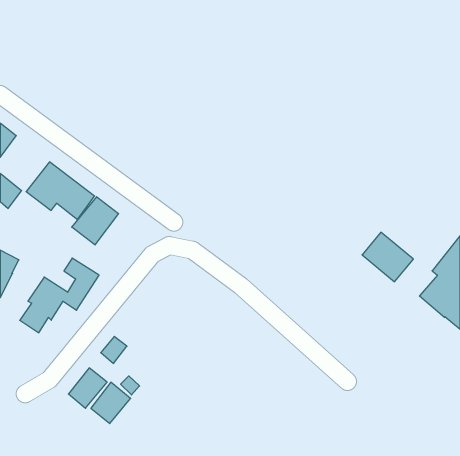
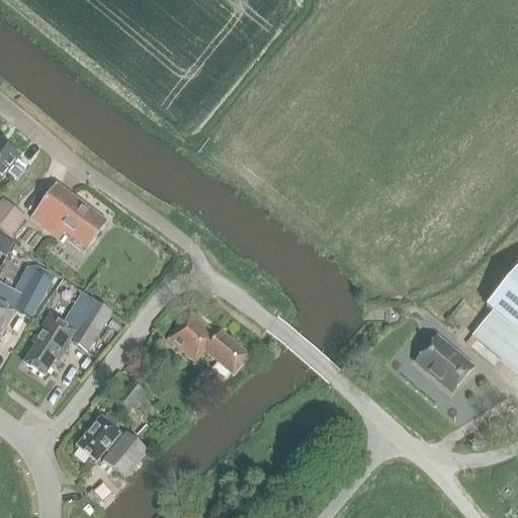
building: [72,197,119,245] -> none
building: [362,232,413,282] -> [415,335,472,391]
building: none -> [22,264,60,301]
building: none -> [167,311,250,373]

